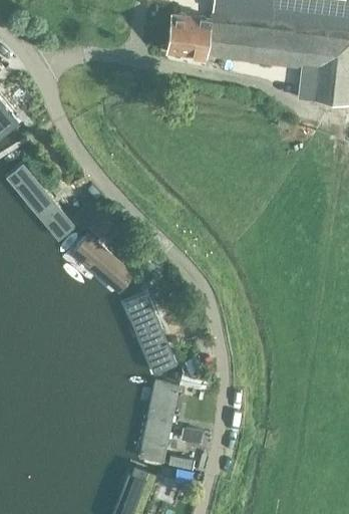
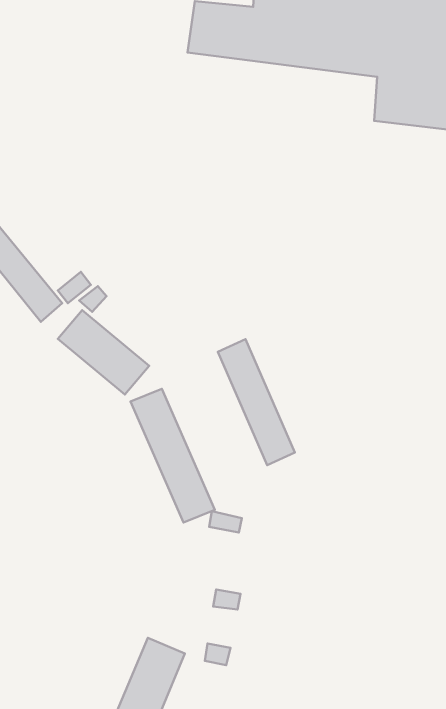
building: none -> [218,339,295,465]
building: [138,381,178,465] -> none

